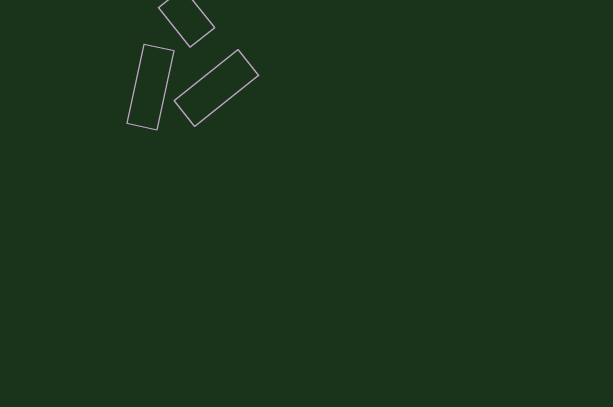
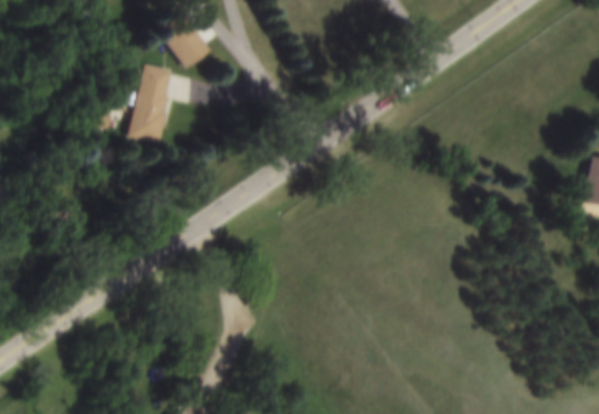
building: [174,50,259,126] -> none

